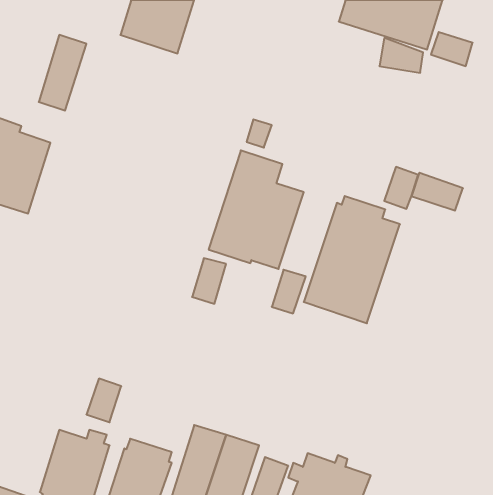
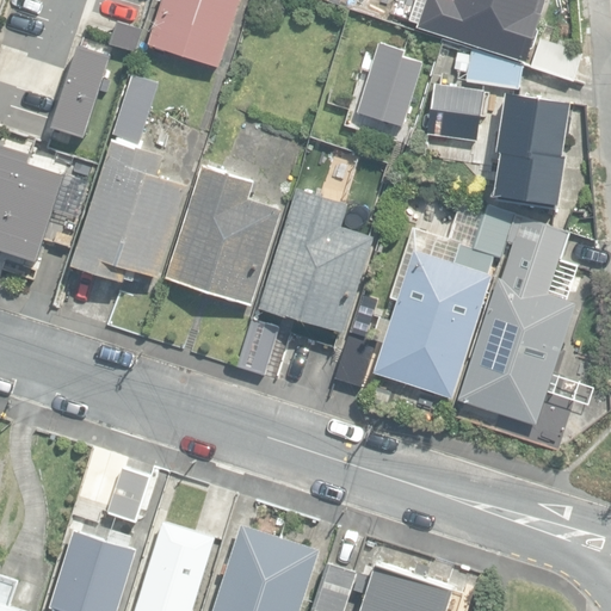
building: none -> [357,43,422,128]
building: none -> [72,75,186,282]
building: none -> [427,85,482,142]
building: none -> [494,94,570,204]
building: none -> [166,166,280,304]
building: none -> [457,271,575,426]

